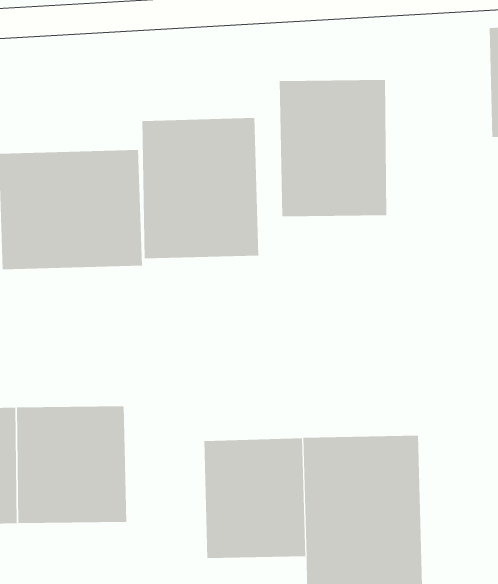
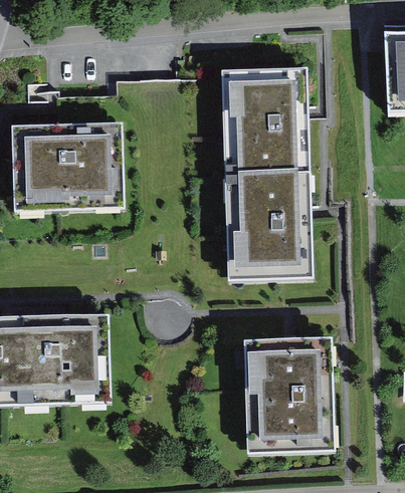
building: [142,117,259,259] -> none
building: none -> [227,171,310,279]
building: [204,437,306,559] -> none

